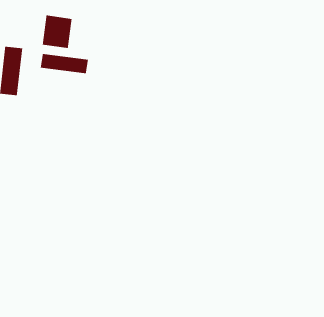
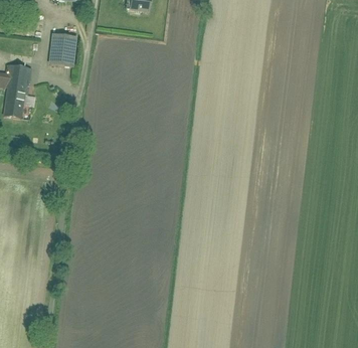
building: [40,53,89,74] -> none

